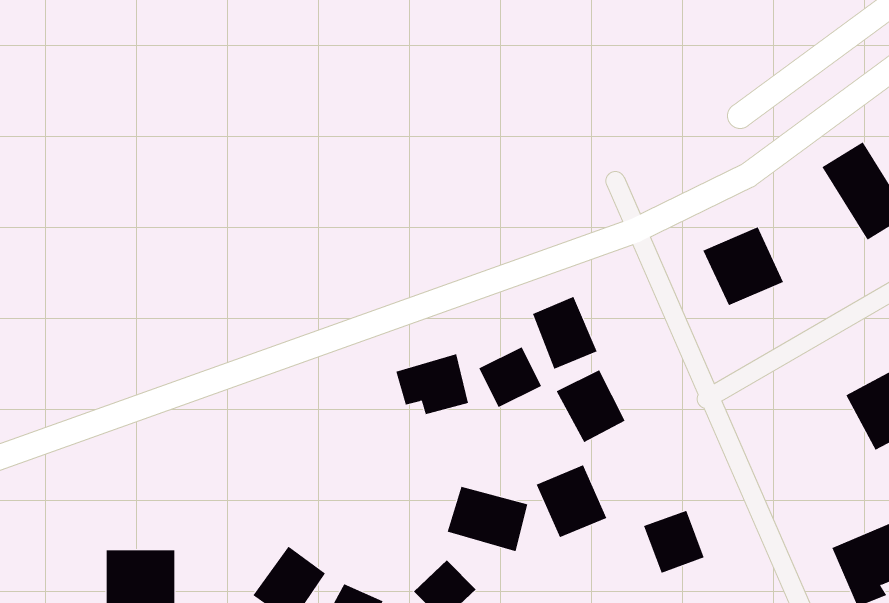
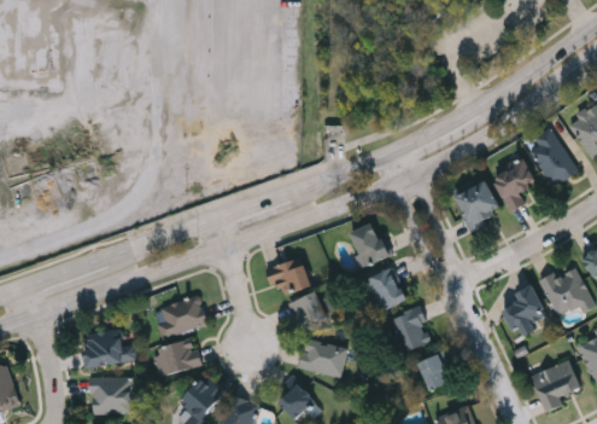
building: none -> [494,162,534,210]
building: [478,346,542,408] -> [288,291,327,329]
building: none -> [502,285,545,337]
building: none -> [153,296,207,338]
building: [536,465,607,538] -> [388,308,432,353]
building: none -> [82,330,135,367]
building: none -> [151,338,200,378]

